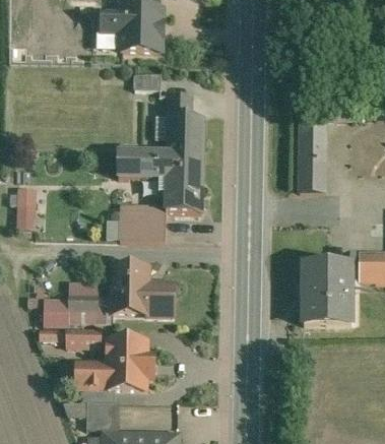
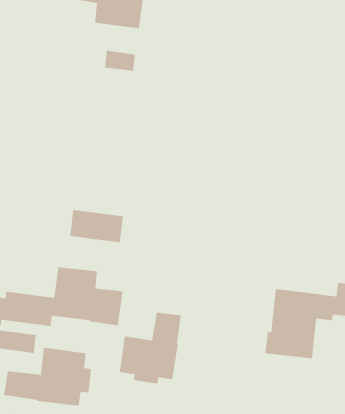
building: [117,93,202,209] -> none
building: [299,104,325,190] -> none
building: none -> [119,312,181,385]

